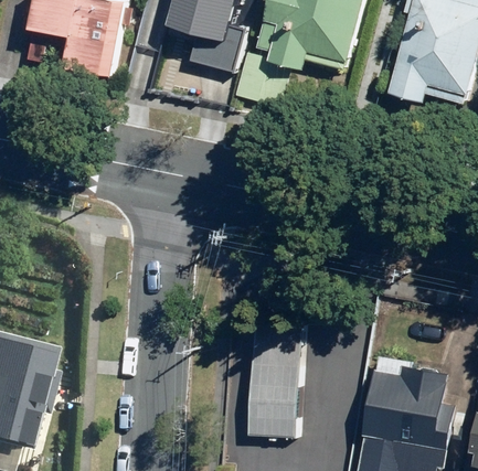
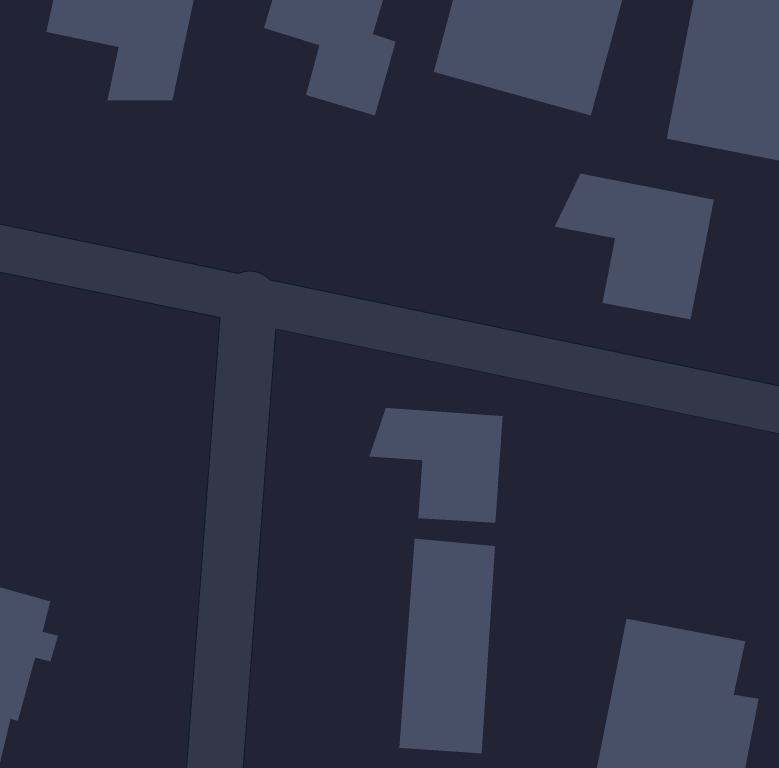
building: none -> [554,173,714,320]
building: none -> [369,407,503,523]

